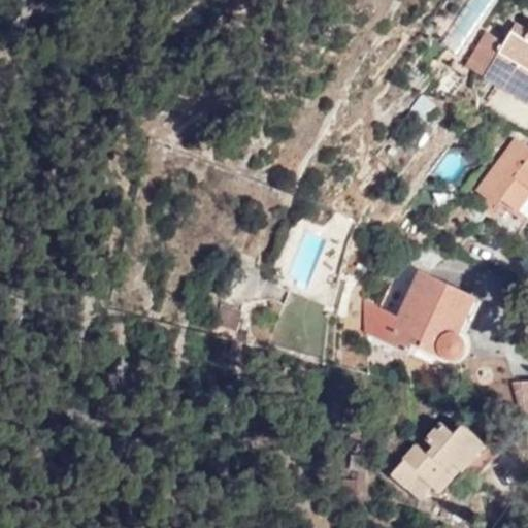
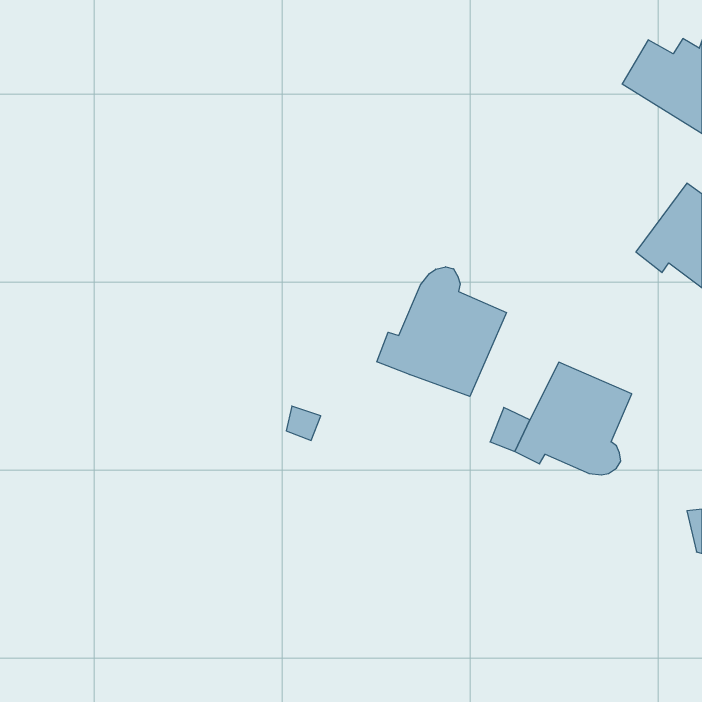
building: none -> [377,267,506,396]
building: [393,420,506,498] -> none

